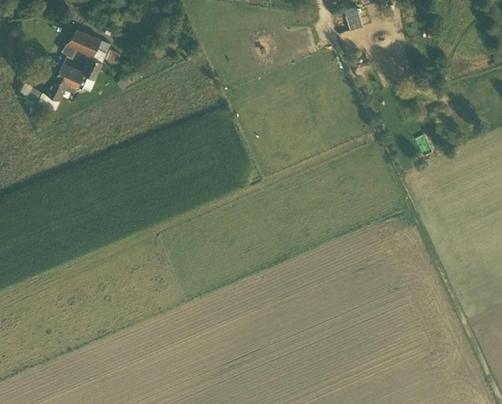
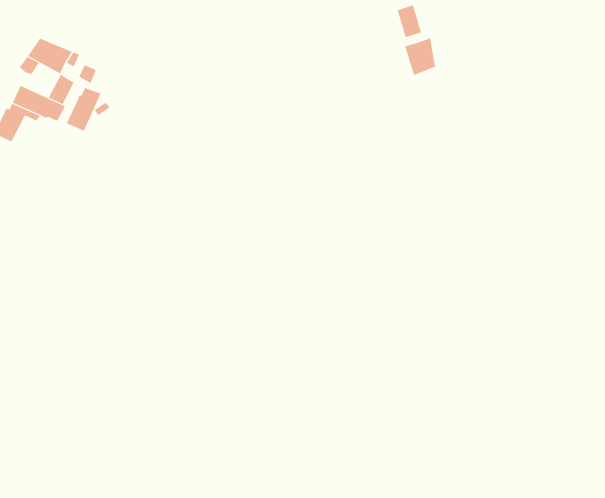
building: none -> [404,37,436,76]
building: none -> [66,87,101,131]

